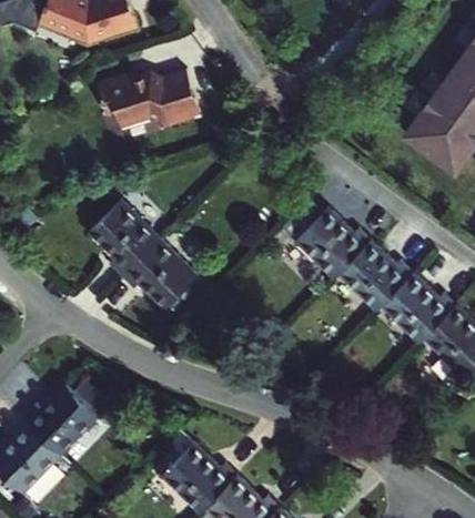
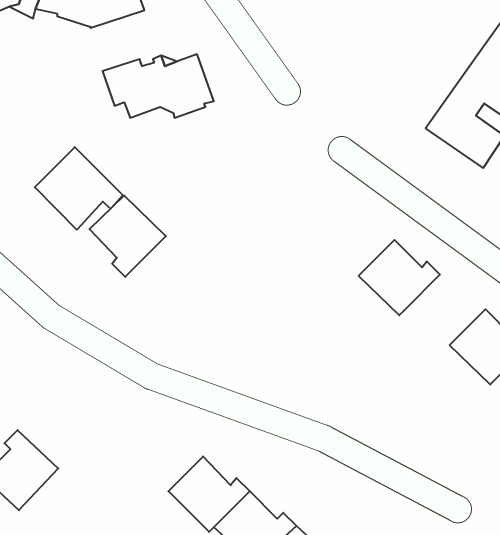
building: none -> [35,147,123,230]
building: [296,207,373,278] -> none
building: [123,237,199,308] -> none
building: [382,273,457,343] -> none
building: [23,383,99,453] -> none

